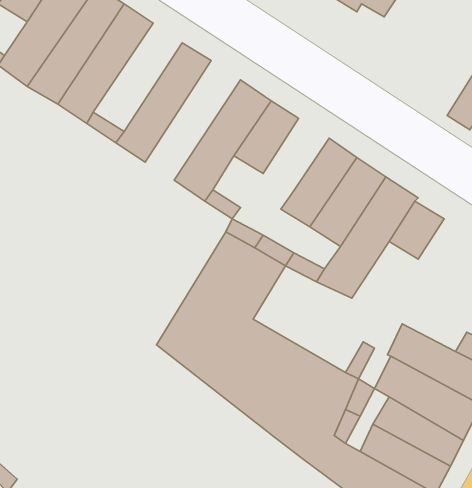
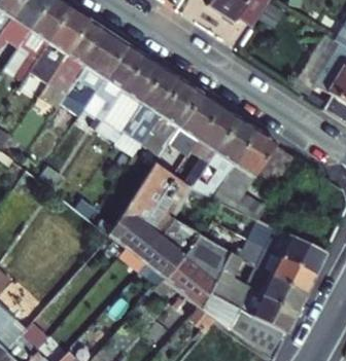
building: none -> [78,32,127,88]
building: none -> [103,56,164,132]
building: none -> [172,93,220,144]

